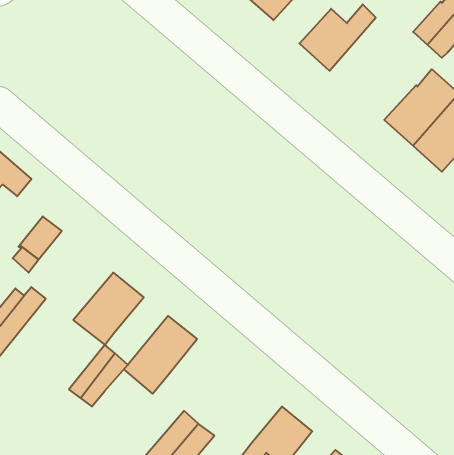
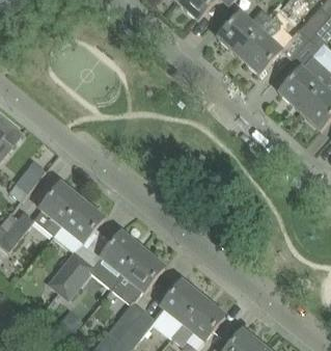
building: none -> [239,17,283,74]
building: none -> [39,182,83,235]
building: none -> [111,248,165,302]
building: none -> [162,279,204,323]

